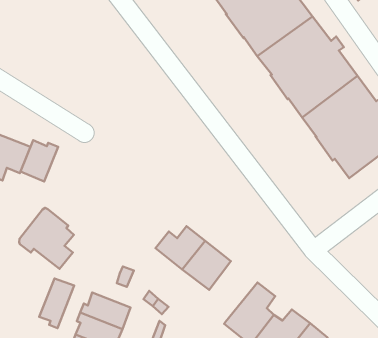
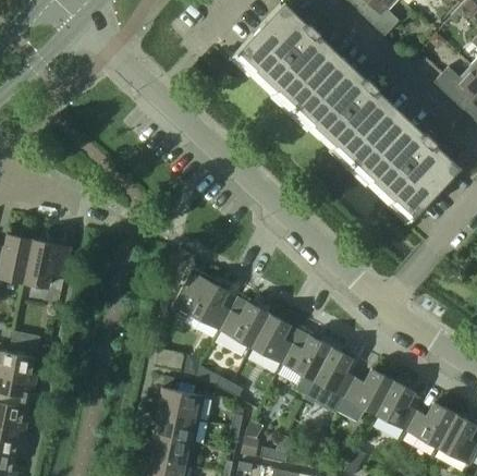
building: [21,140,58,182] -> none
building: [19,208,74,269] -> [173,269,231,330]
building: none -> [283,330,332,394]
building: [39,278,74,328] -> none

